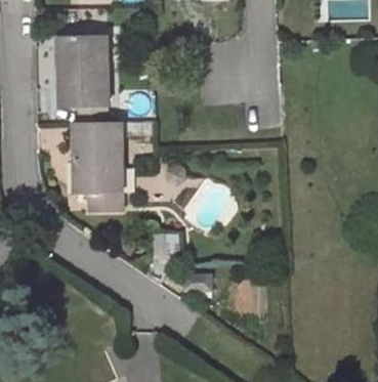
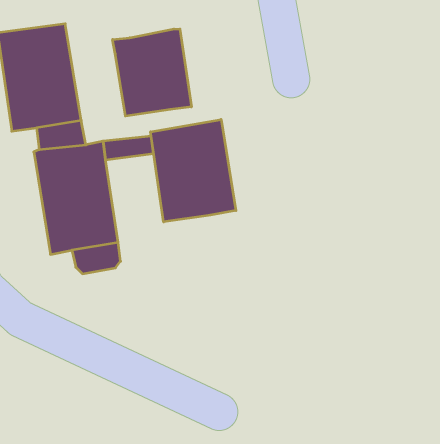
building: none -> [113,29,191,116]
building: none -> [151,119,236,222]

